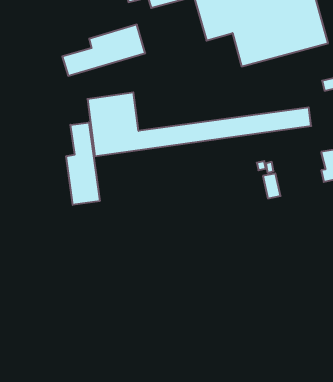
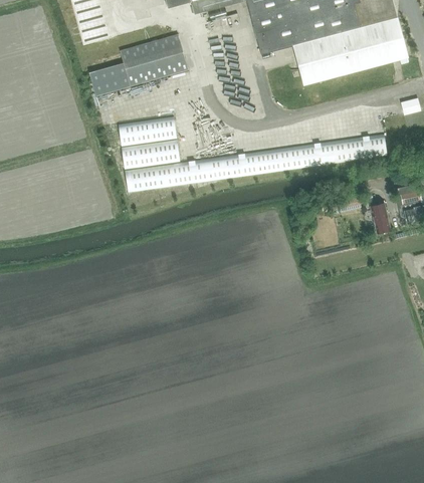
building: [66,122,100,205] -> none
building: [263,173,281,198] -> [369,203,390,233]

